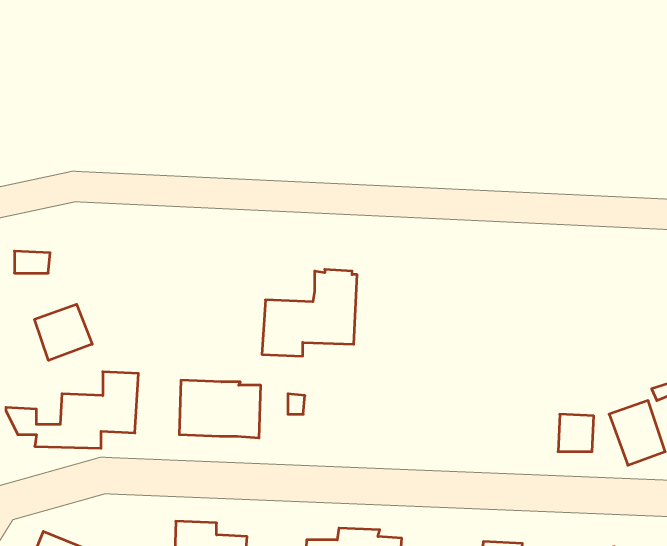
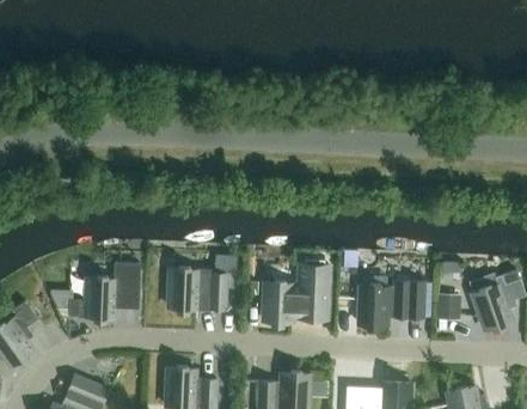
building: [262,269,357,356] -> [264,261,331,322]
building: [35,304,92,360] -> none
building: none -> [360,280,425,325]

